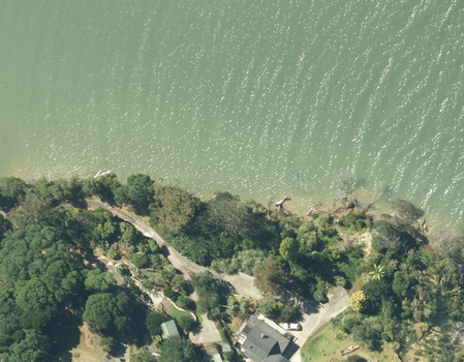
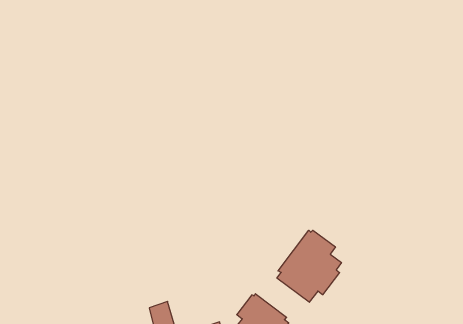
building: none -> [277,230,341,302]

